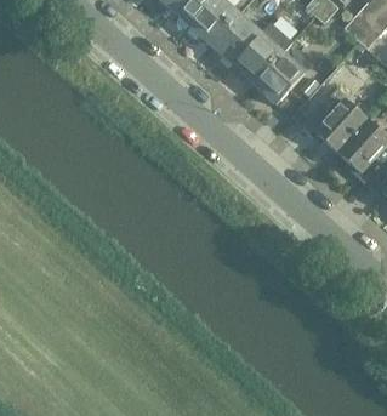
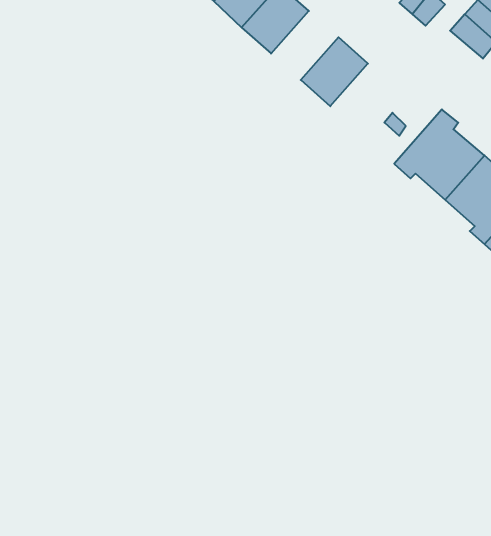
building: [211,12,261,63] -> none
building: [255,51,305,102] -> none

